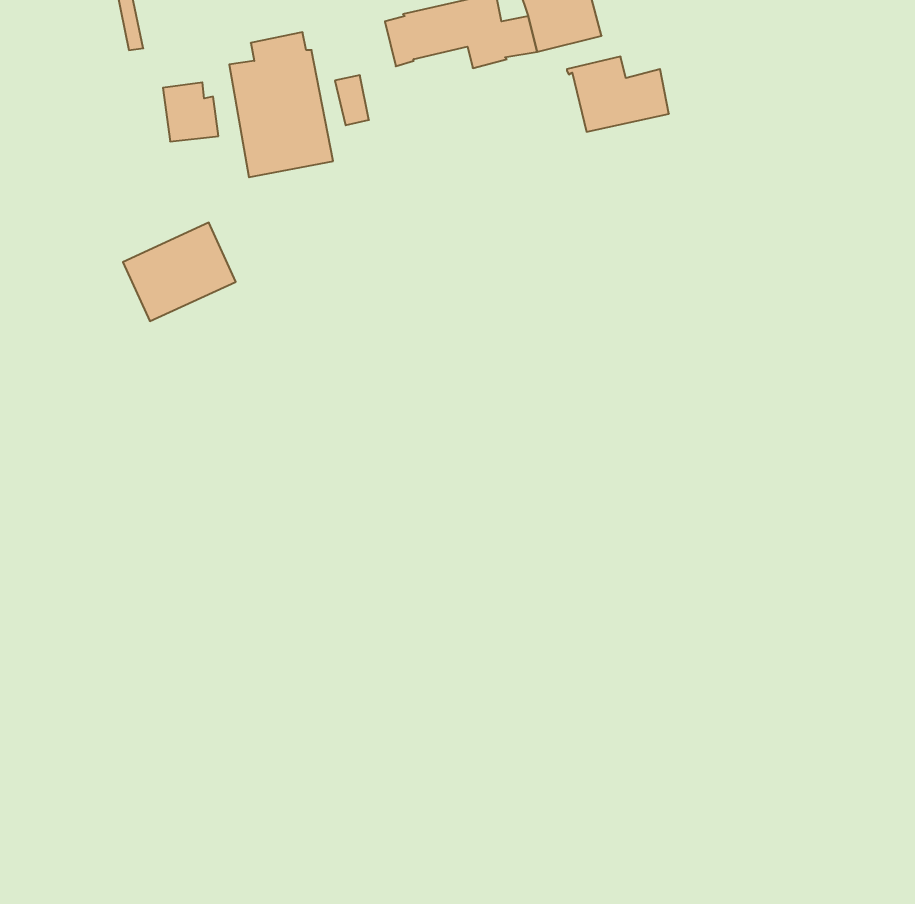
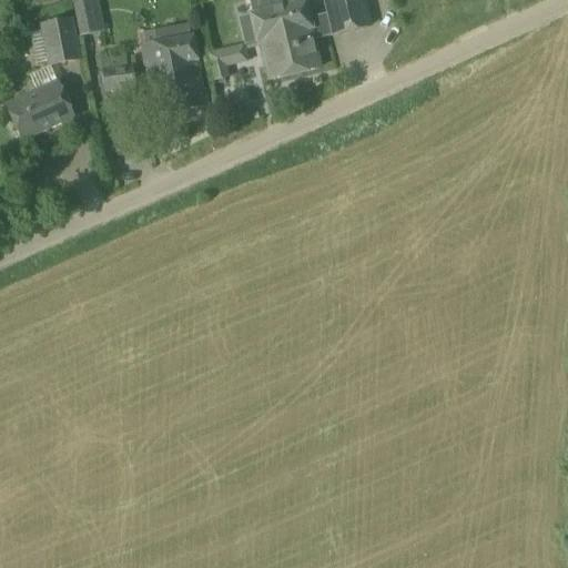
building: none -> [40,13,80,62]
building: [567,57,669,132] -> [256,29,320,75]
building: [123,223,236,321] -> [6,75,75,136]

